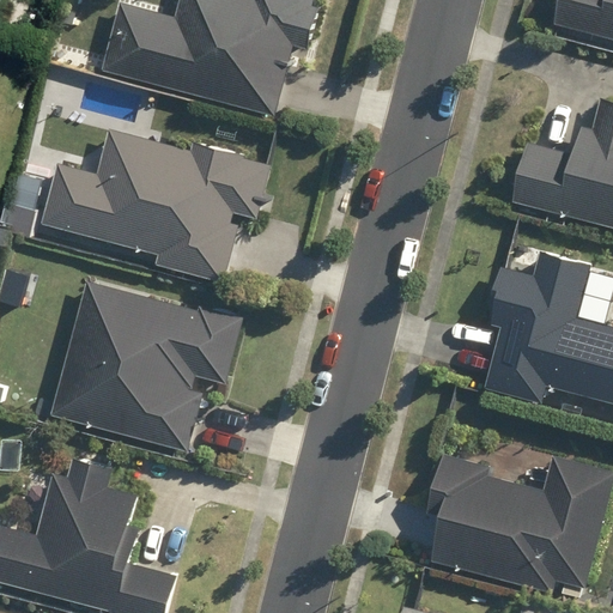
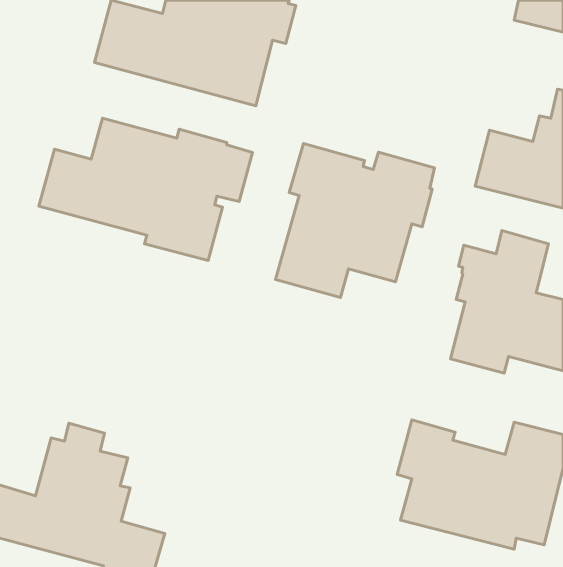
building: none -> [275,143,434,297]
building: [50,281,244,451] -> none

